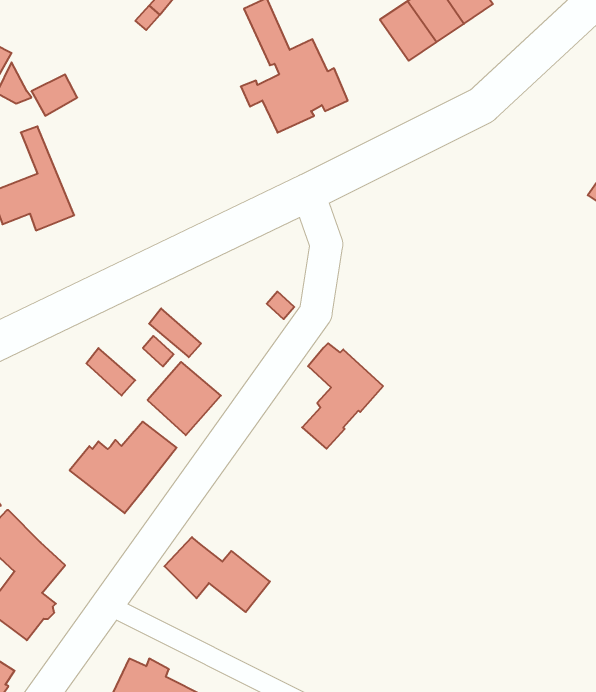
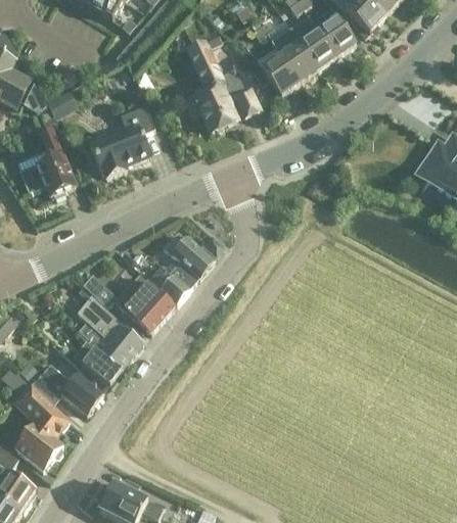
building: none -> [262,53,300,94]
building: none -> [89,103,154,176]
building: [302,343,383,449] -> [161,231,215,301]
building: none -> [77,292,122,338]
building: [164,537,270,612] -> [32,362,102,412]

